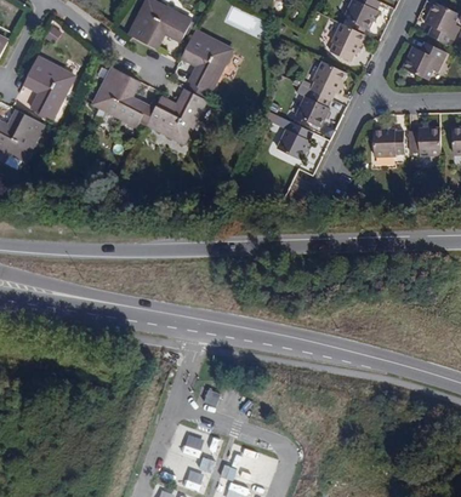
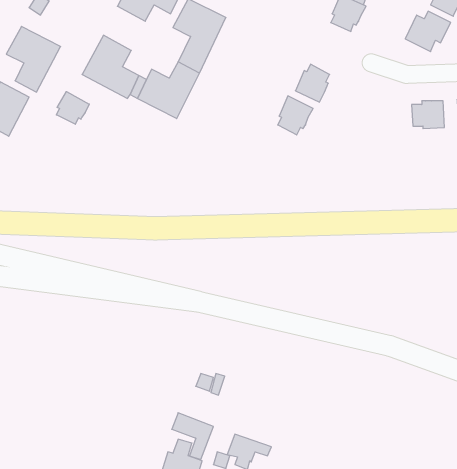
building: [312,64,346,102] -> none
building: none -> [56,92,89,124]
building: [375,130,404,156] -> none

